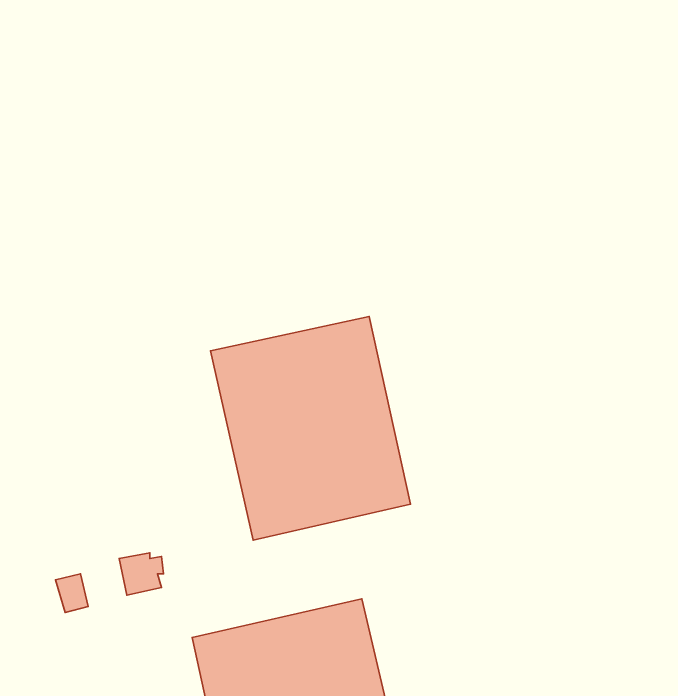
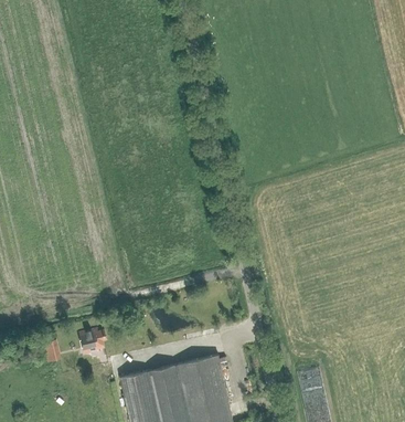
building: [211,317,411,540] -> none

